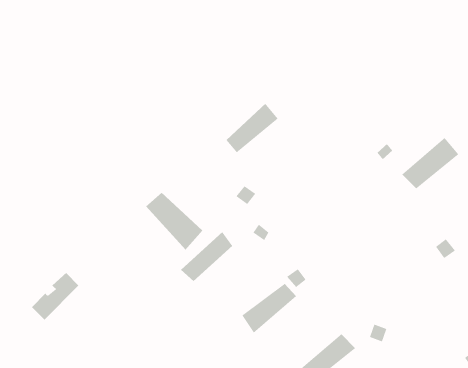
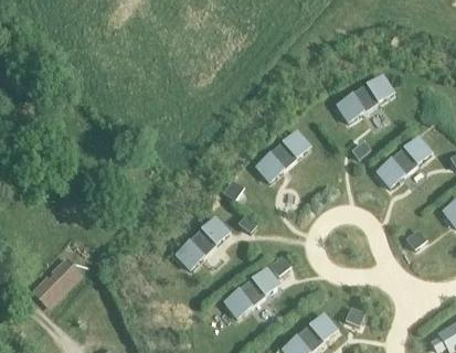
building: none -> [337,77,392,121]
building: [226,103,279,153] -> [258,131,307,178]
building: [145,192,203,251] -> none

